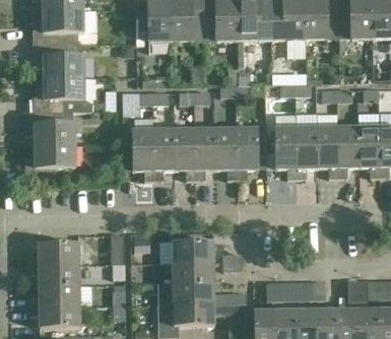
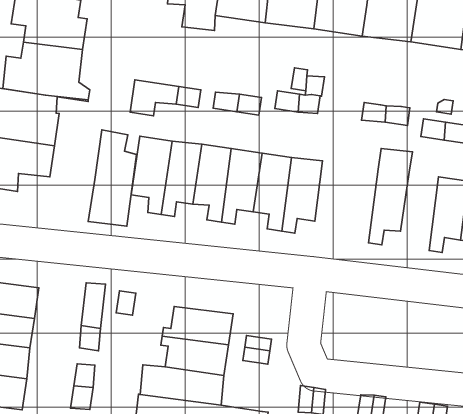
building: [318,112,339,177] -> none
building: [274,113,298,178] -> none
building: none -> [88,130,137,226]

